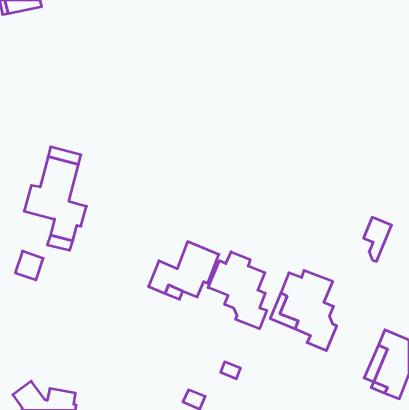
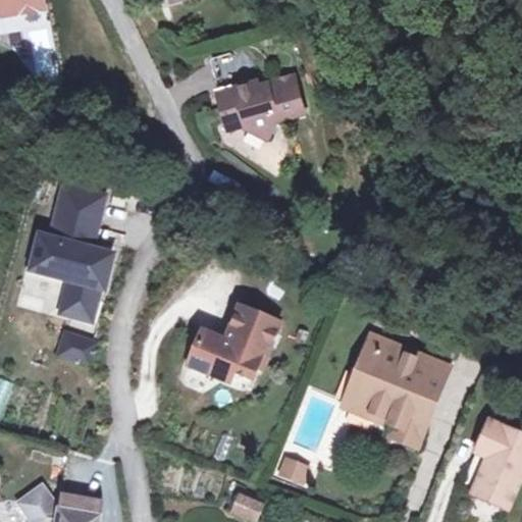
building: none -> [222,69,305,134]
building: [364,217,392,261] -> [412,358,448,414]
building: [15,251,43,280] -> [56,330,92,367]
building: [208,252,267,329] -> none

